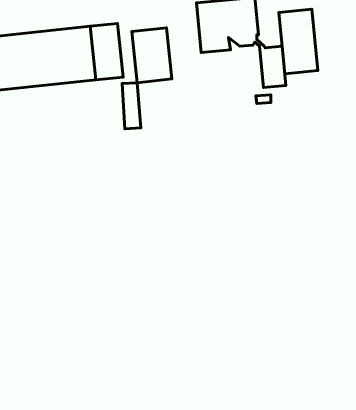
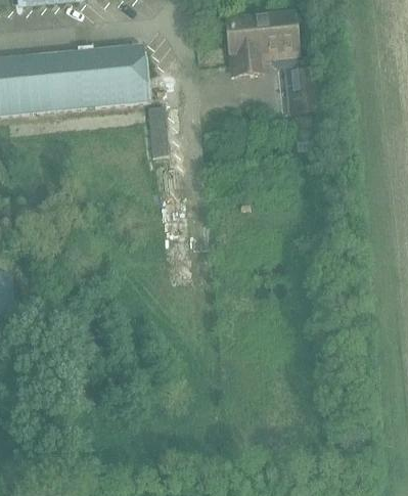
building: [279,9,318,74] -> none
building: [132,28,172,83] -> none

